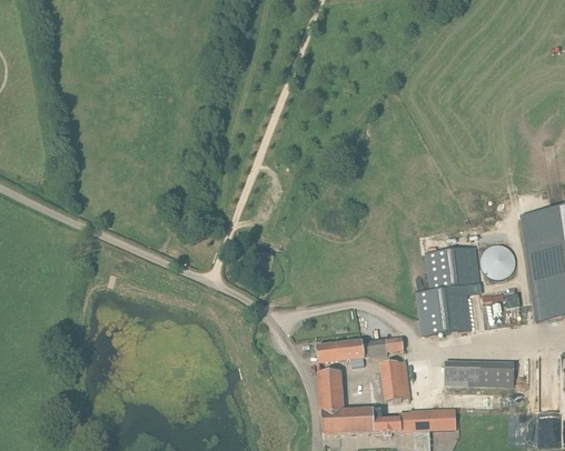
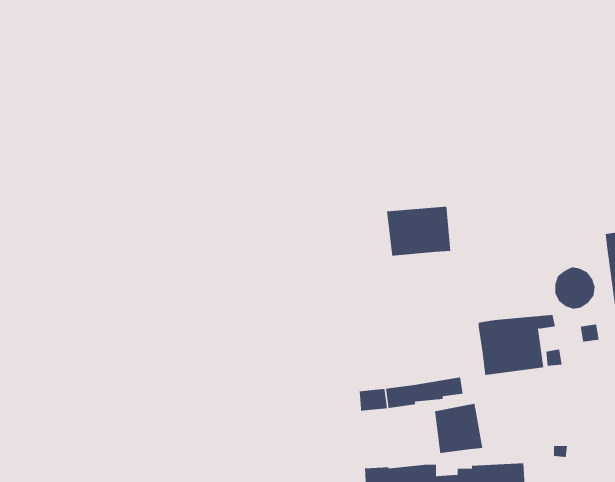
building: [425,245,479,288] -> [386,206,451,256]
building: [444,360,514,385] -> none
building: [318,371,341,412] -> none

